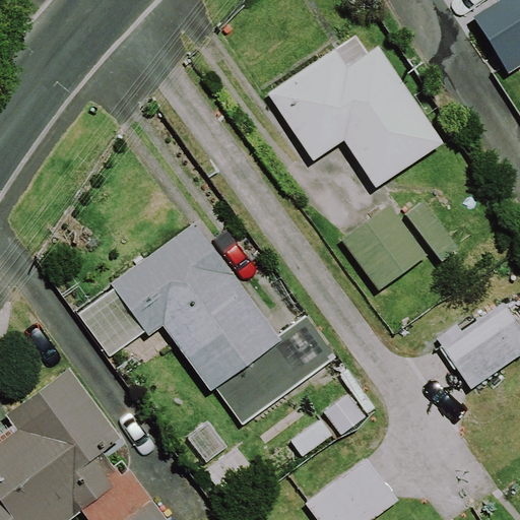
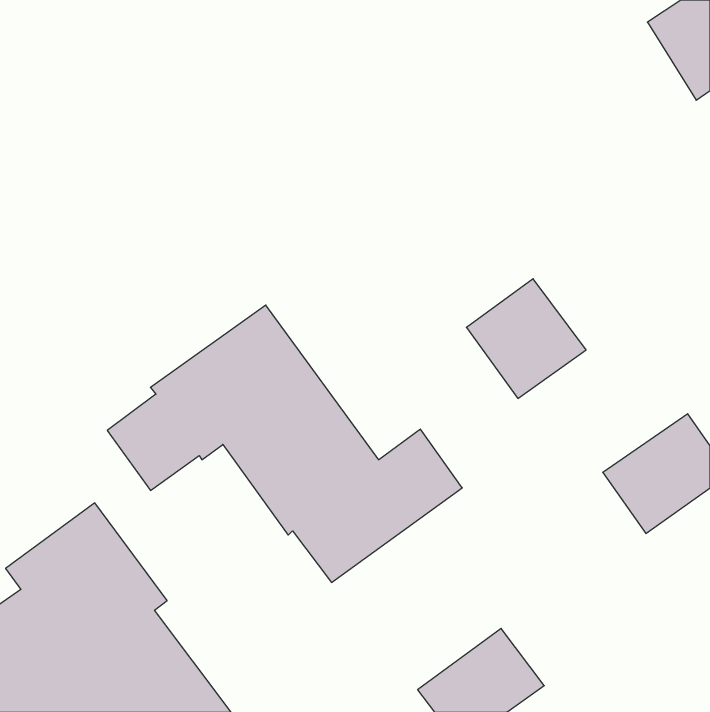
building: [268,35,443,188] -> none

